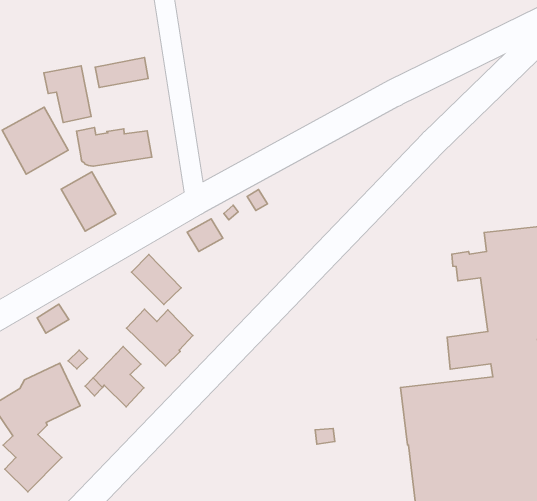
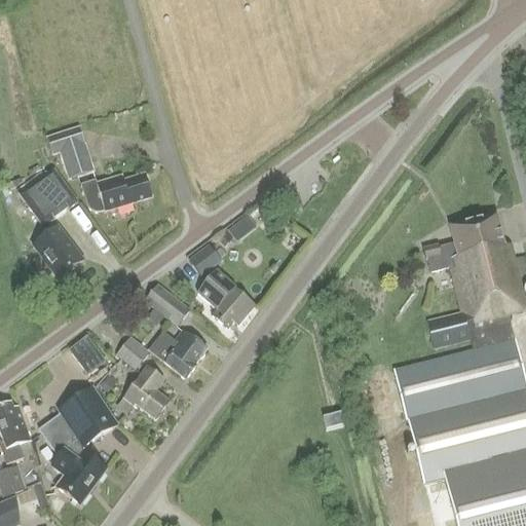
building: [95,57,148,87] -> none
building: [61,172,116,231] -> [34,224,84,276]
building: none -> [197,265,256,327]
building: none -> [117,336,149,368]

